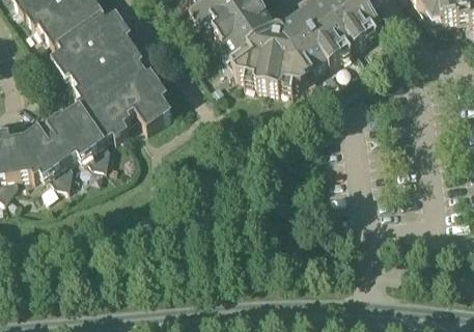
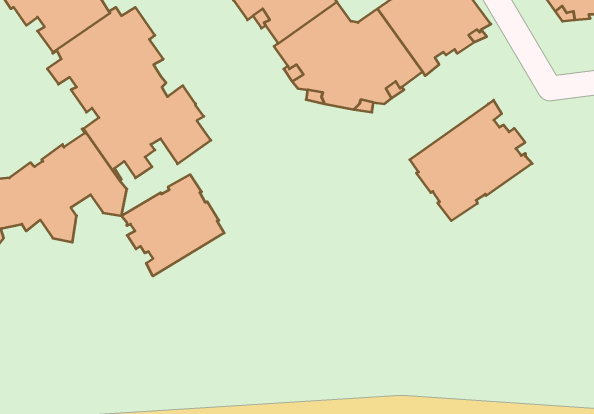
building: none -> [410,100,532,221]
building: none -> [121,175,224,276]

